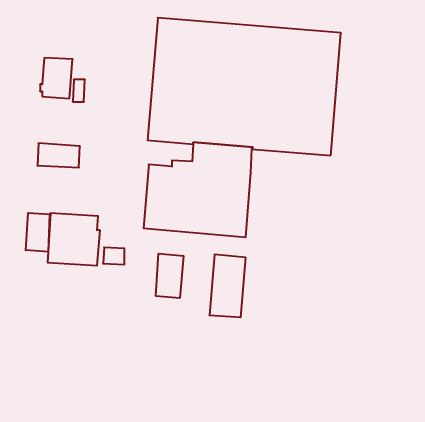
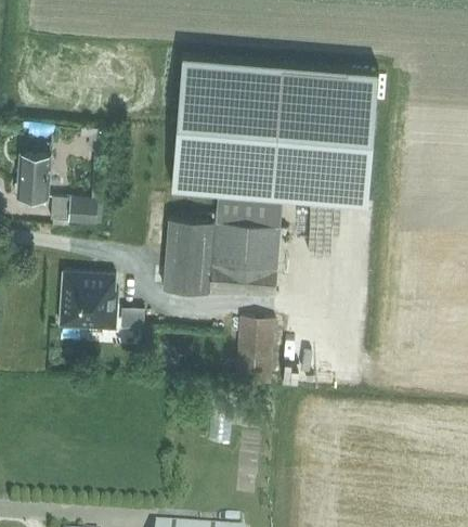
building: [40,58,73,98] -> [16,154,51,197]
building: [26,213,49,252] -> none
building: [156,254,183,298] -> none

